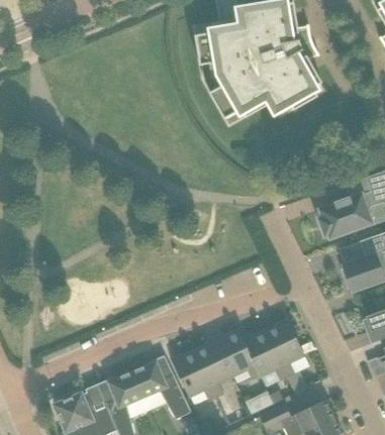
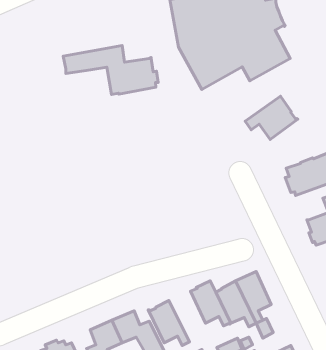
building: none -> [63,46,158,94]
building: none -> [245,96,298,139]
building: [195,341,234,396] -> none

